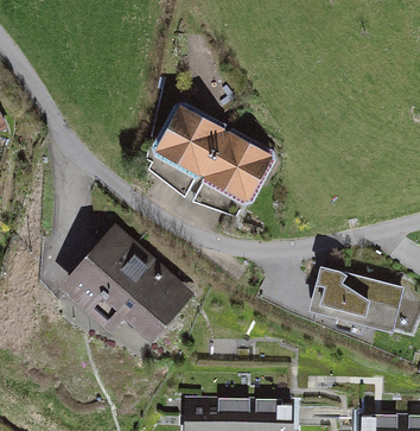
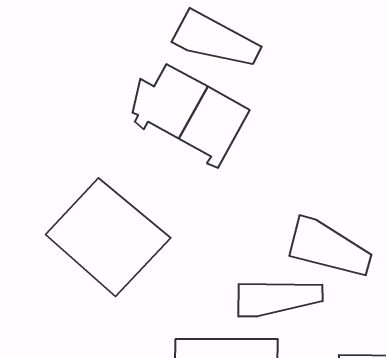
building: none -> [171,8,262,64]
building: none -> [238,284,323,317]

